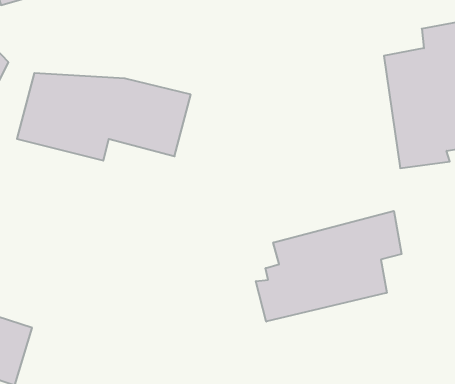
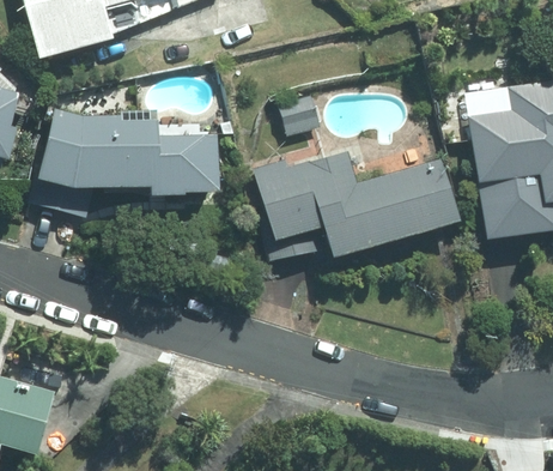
building: none -> [239,128,442,240]
building: [256,211,402,322] -> none

